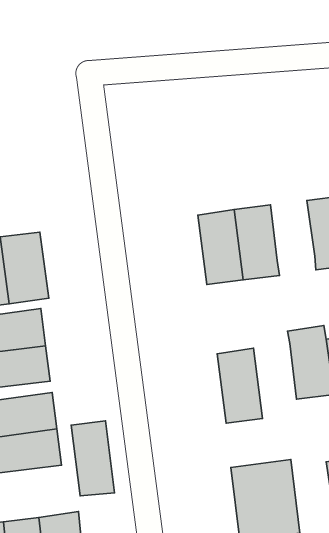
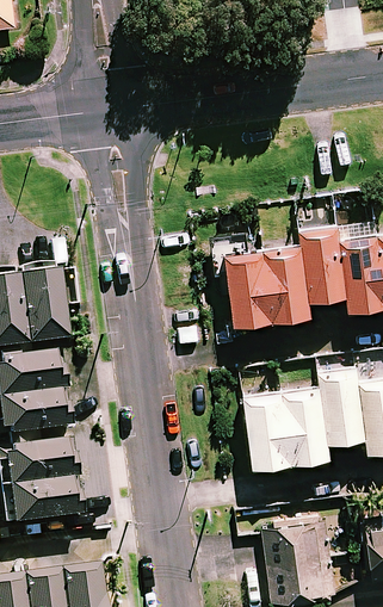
building: none -> [299,225,348,303]
building: none -> [284,390,332,469]
building: [71,421,114,496] -> none

